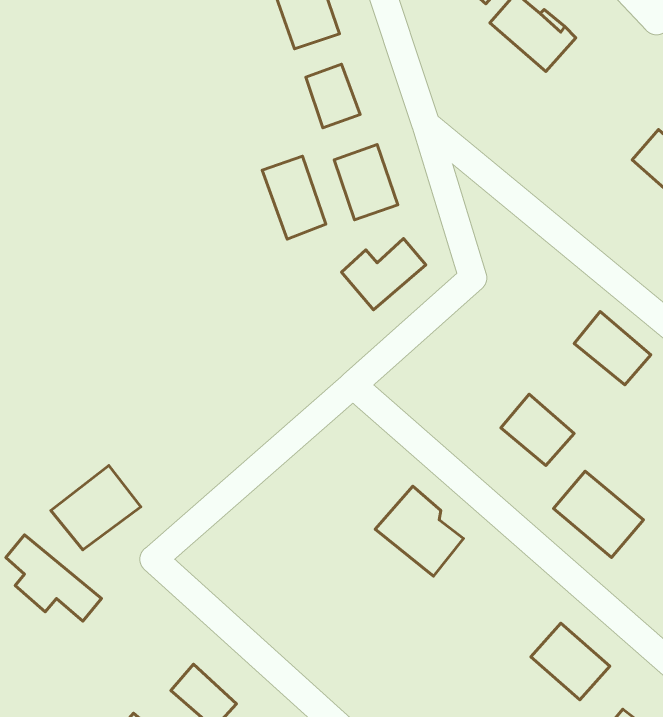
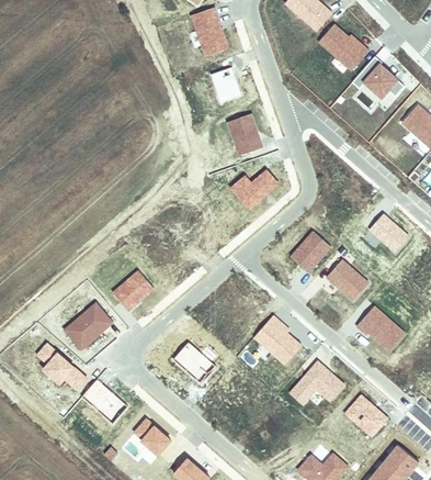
building: none -> [352,56,404,98]
building: [262,156,326,239] -> none
building: none -> [288,230,332,274]
building: none -> [112,269,155,312]
building: none -> [173,342,217,384]
building: none -> [288,360,347,405]
building: none -> [80,378,128,425]

